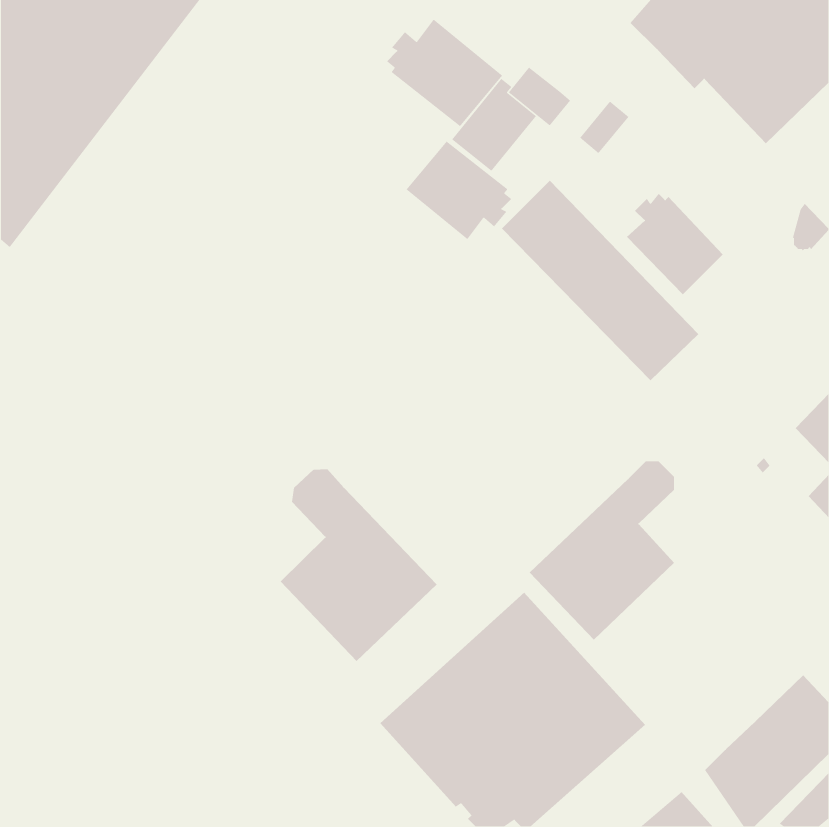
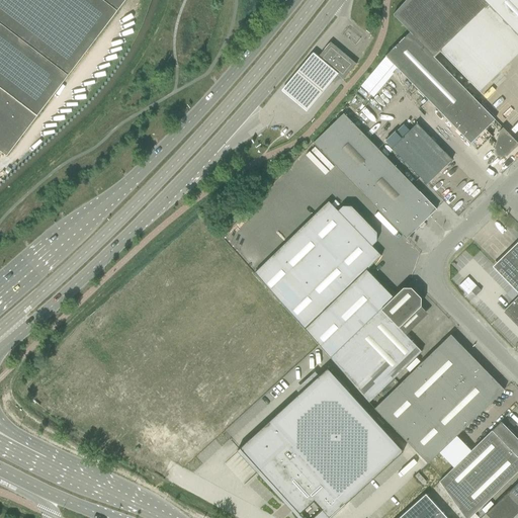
building: [386,19,503,127] -> none
building: none -> [384,31,495,143]
building: [405,140,512,240] -> none
building: none -> [254,200,392,357]
building: [280,469,438,662] -> none
building: none -> [374,334,504,467]

